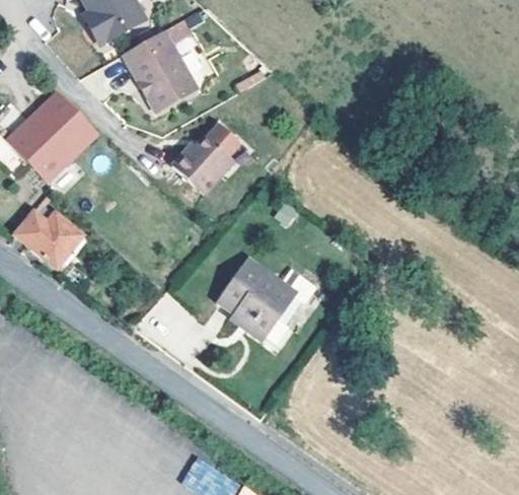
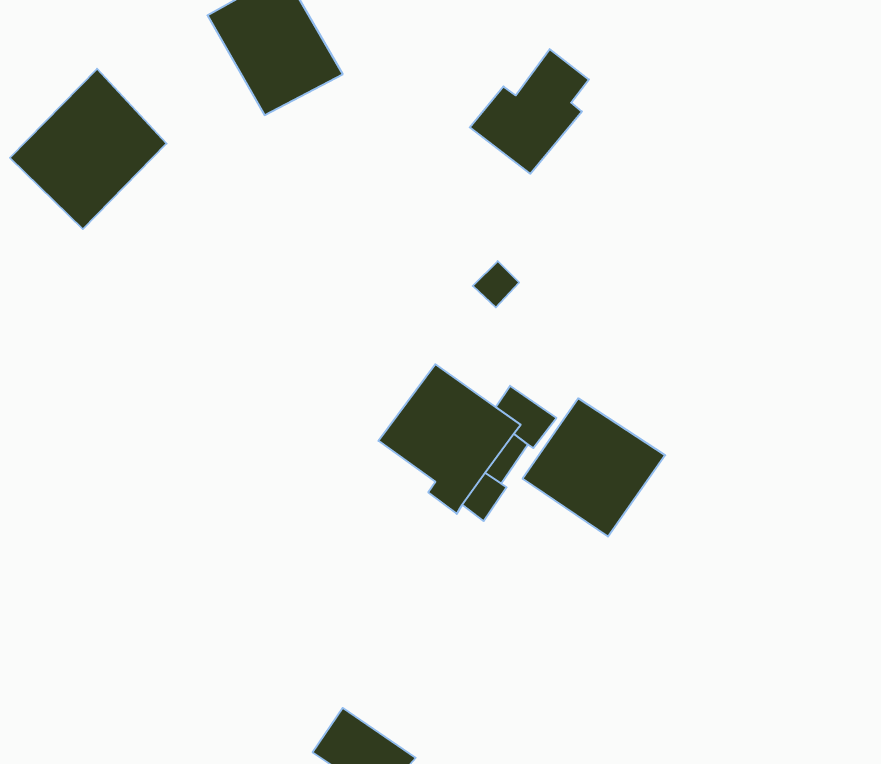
building: [170,121,238,192] -> [470,49,589,174]
building: [13,211,87,268] -> none
building: none -> [523,398,665,537]

